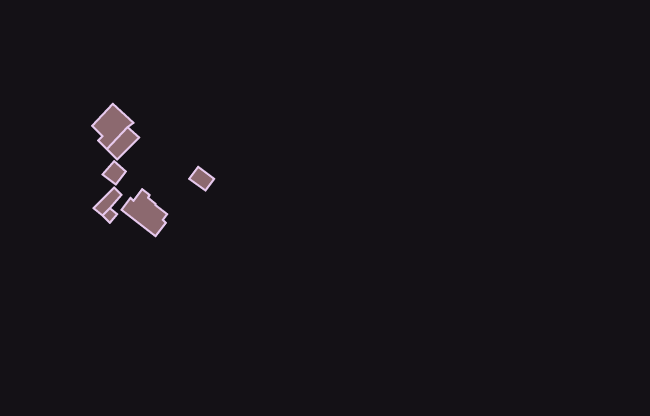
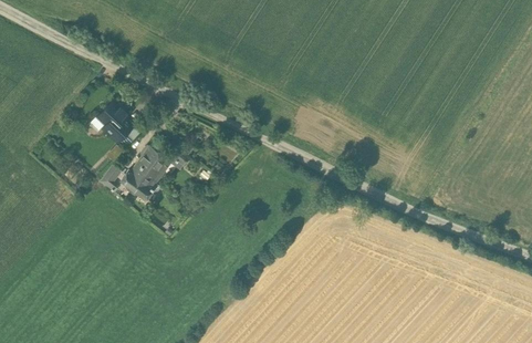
building: none -> [136,145,170,181]

